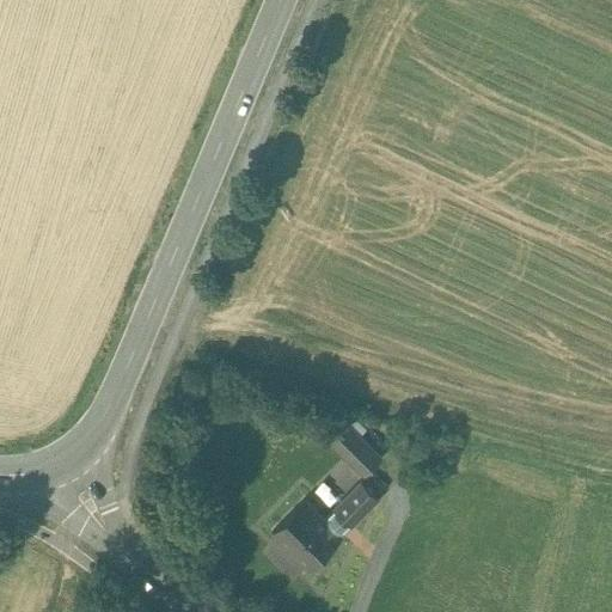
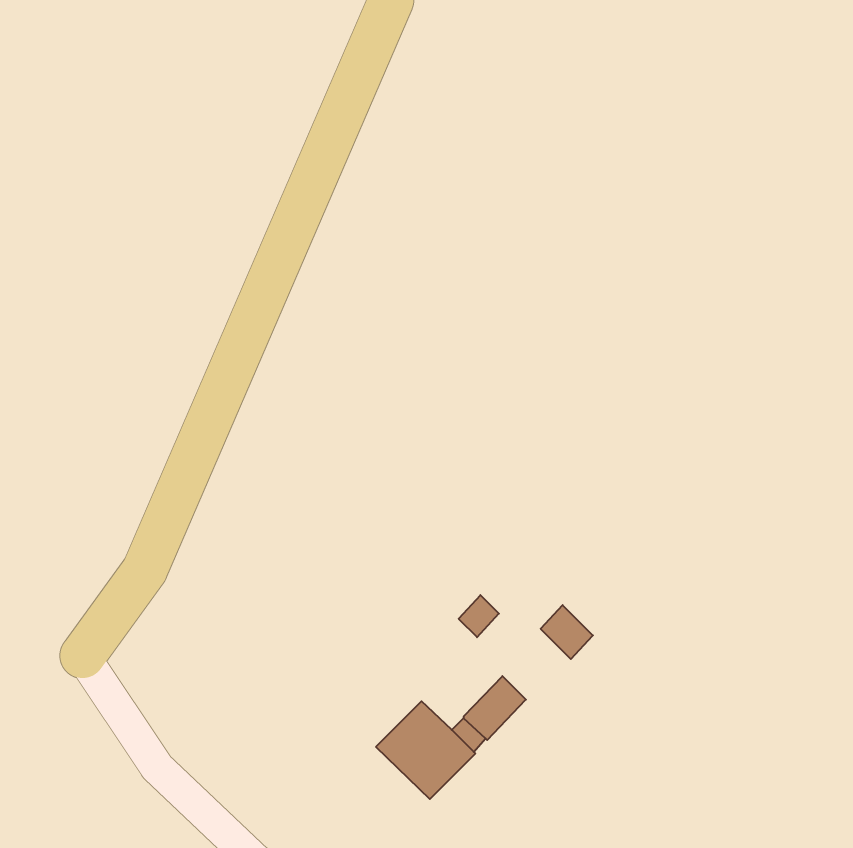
building: [338,445,375,483] -> [541,605,593,659]

